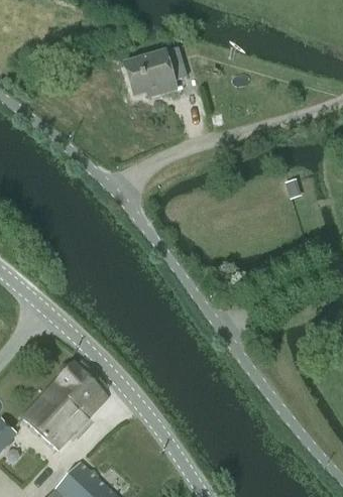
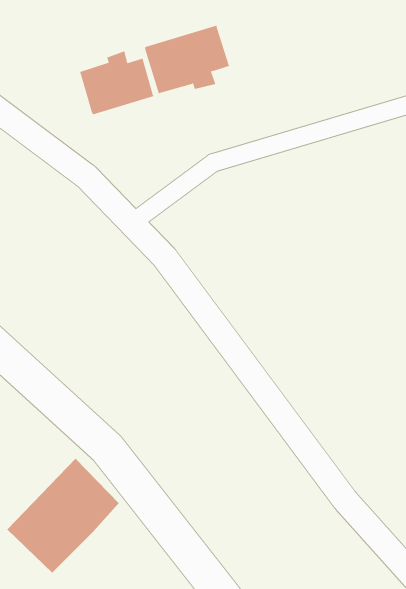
building: none -> [79,51,154,115]

